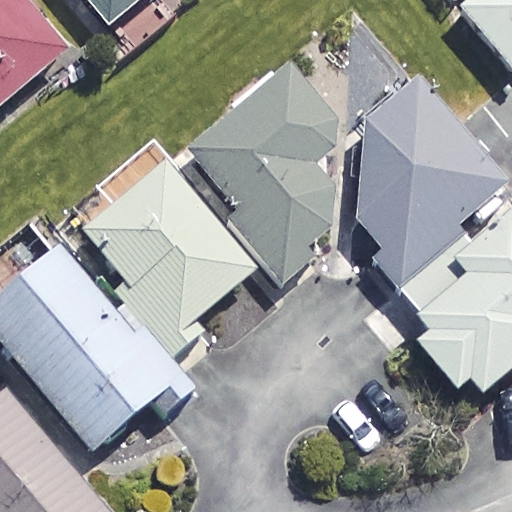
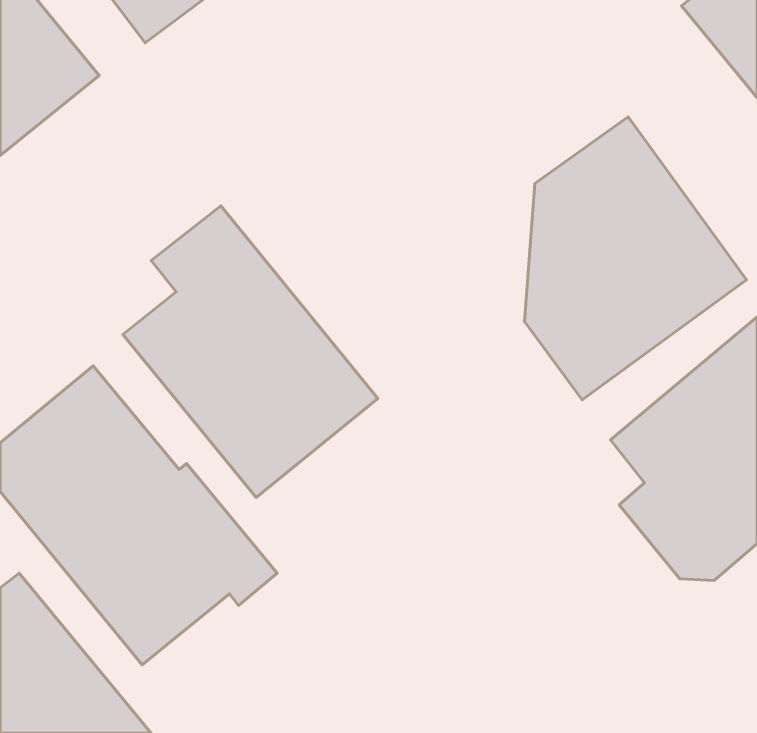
building: [190,69,345,272] -> none

